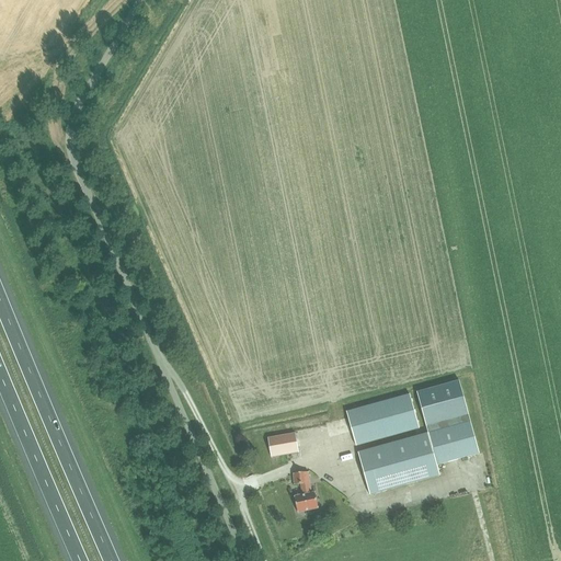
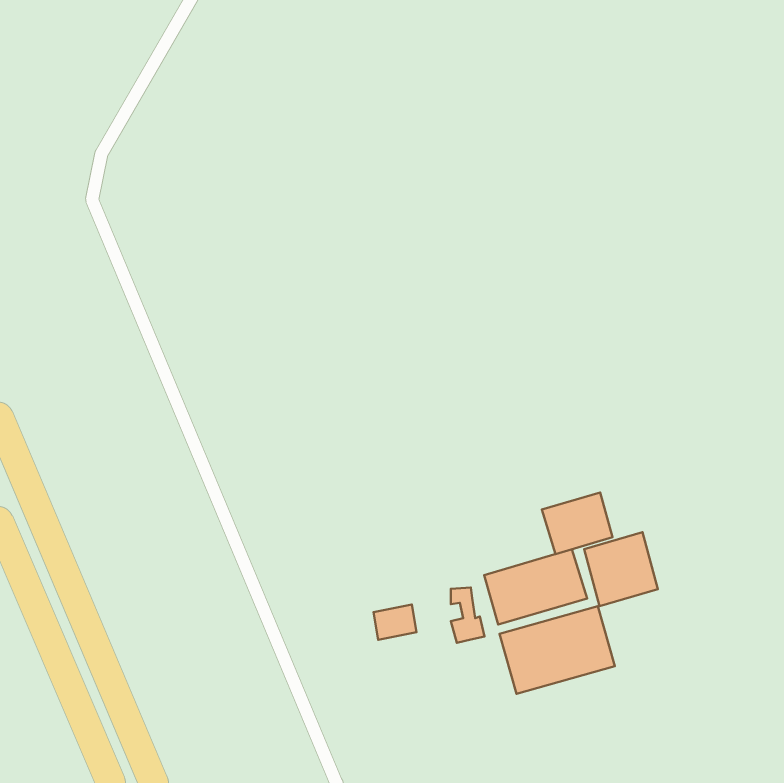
building: [427,420,478,463] -> [542,493,612,554]
building: [293,471,317,511] -> [451,587,485,643]

